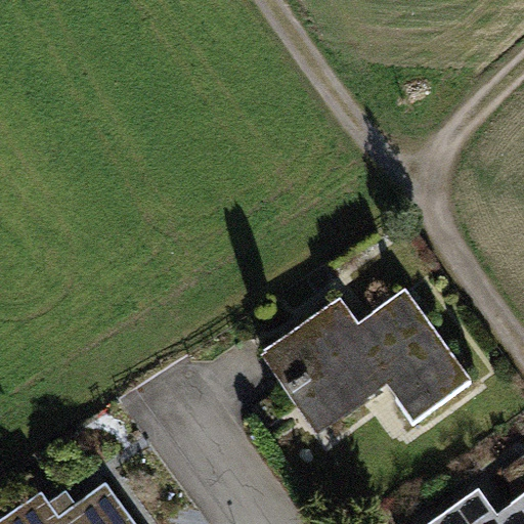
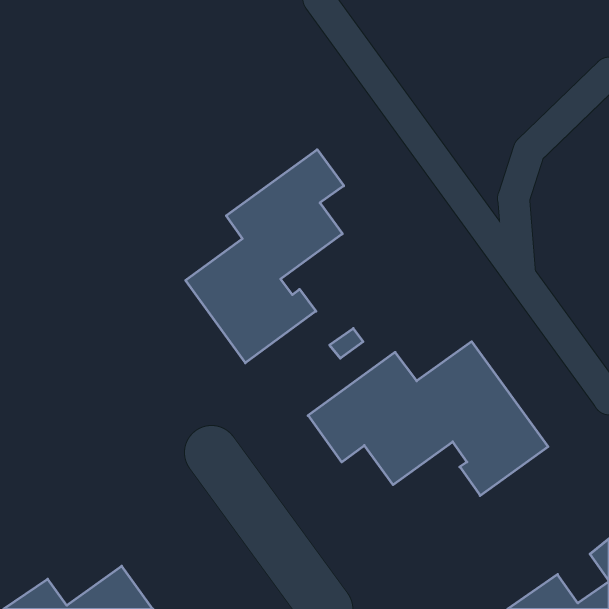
building: none -> [186,150,344,363]

